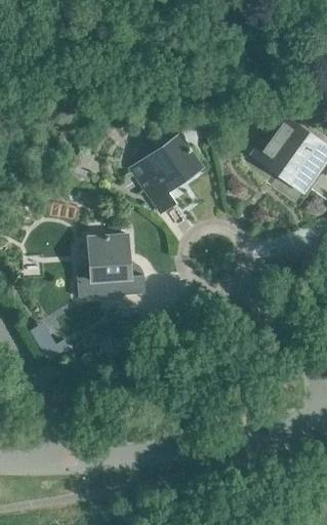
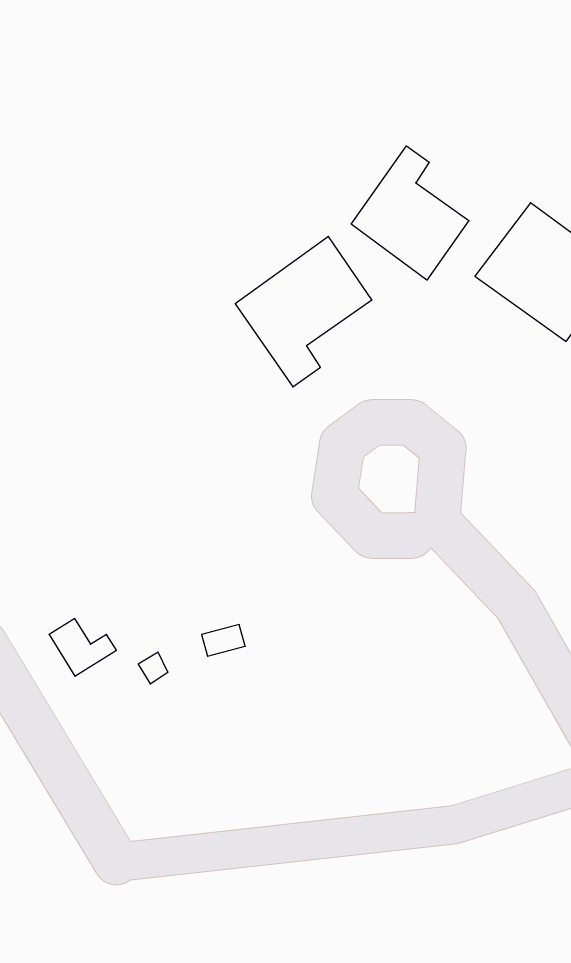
building: none -> [351,146,469,280]
building: [77,234,147,297] -> none

